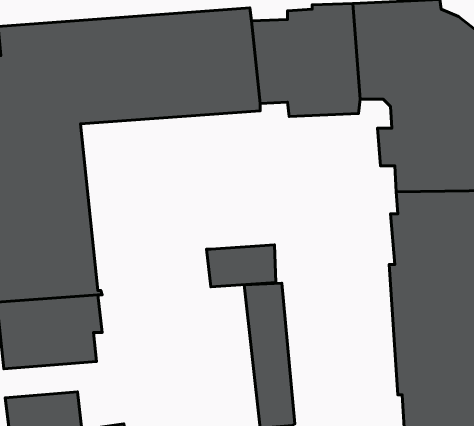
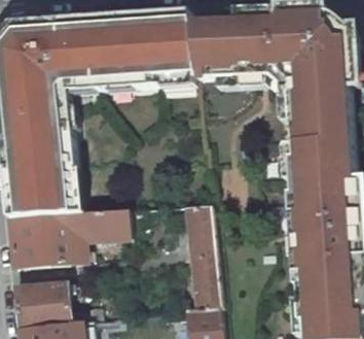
building: [206,245,276,287] -> [80,214,130,244]

